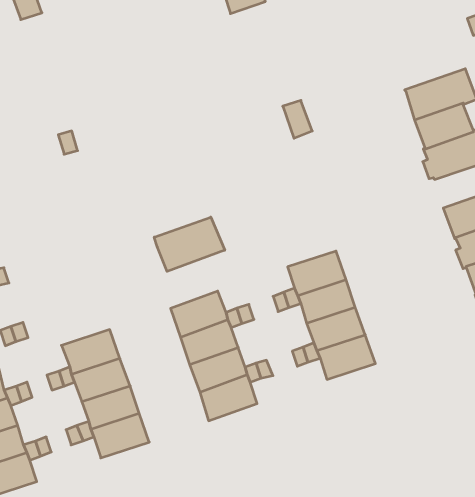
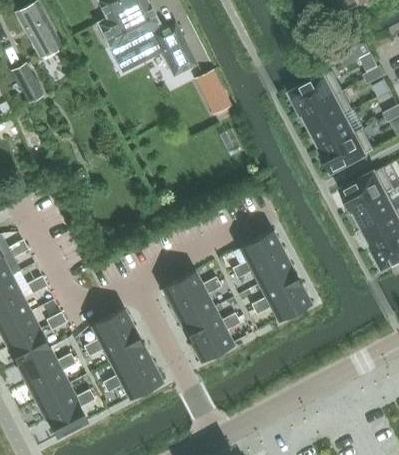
building: none -> [203,70,232,115]
building: none -> [292,71,343,114]
building: [154,217,225,271] -> none

